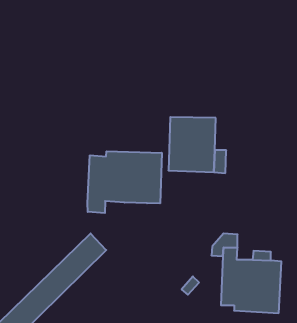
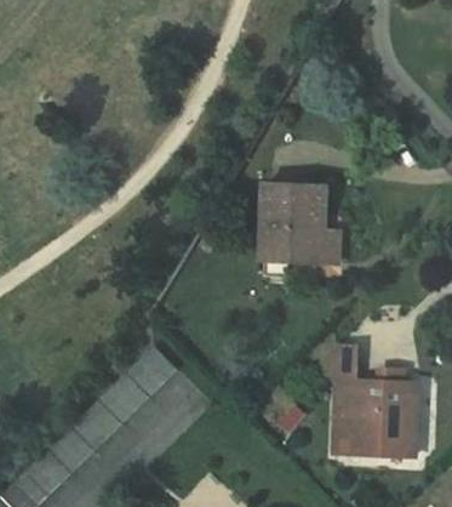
building: [87,151,162,213] -> none

